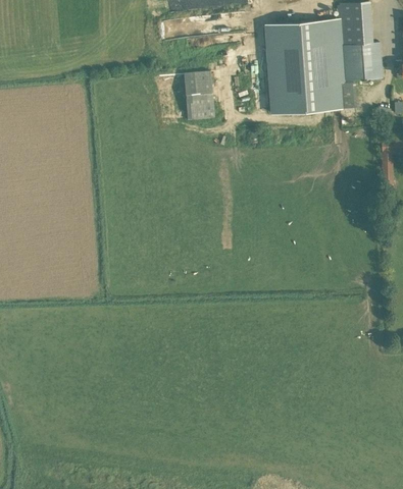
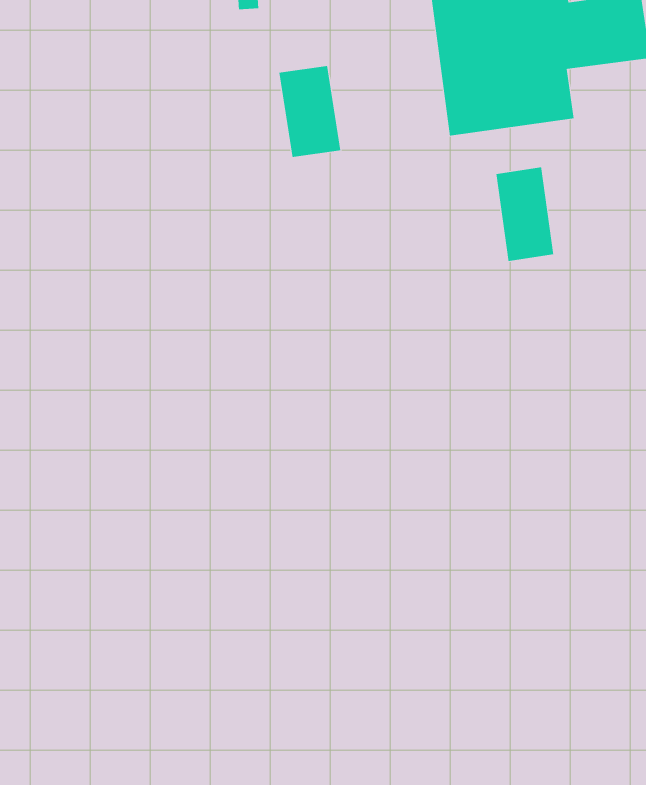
building: none -> [496,167,554,262]

